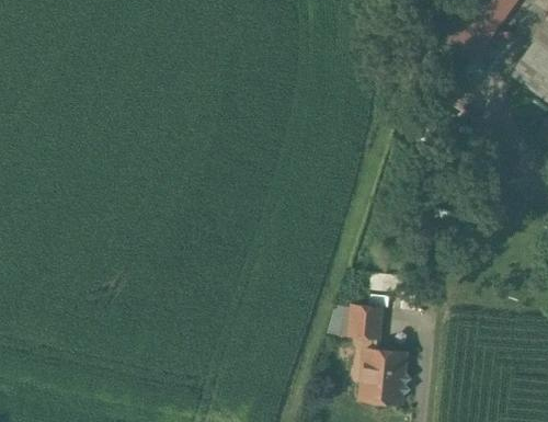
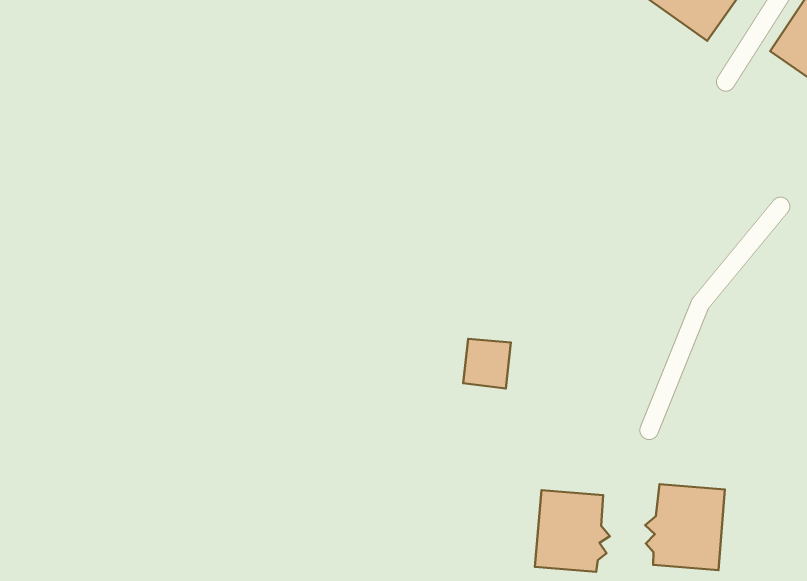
building: [354,306,385,338] -> [463,339,511,388]
building: none -> [645,484,725,570]

